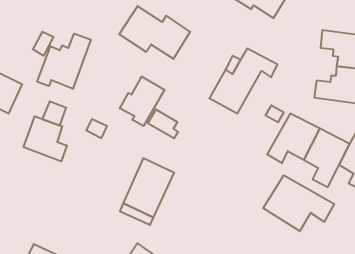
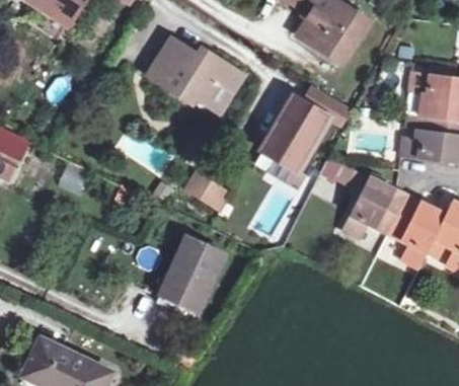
building: [37,34,91,89] -> none
building: [120,76,165,126] -> none
building: [24,116,67,161] -> none
building: [263,175,334,231] -> none

